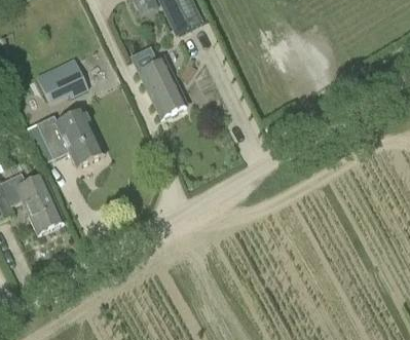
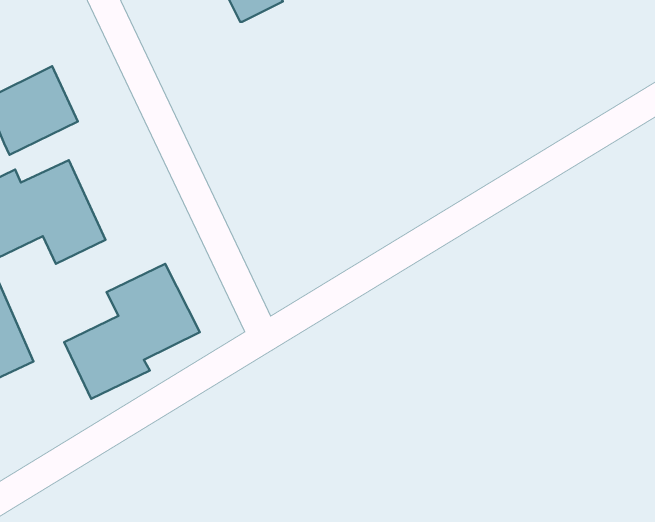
building: [131,46,184,115] -> none
building: none -> [64,264,200,399]

